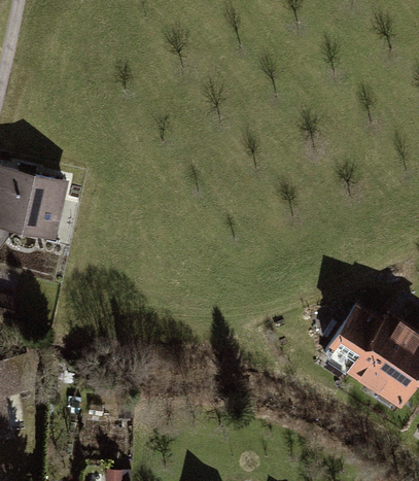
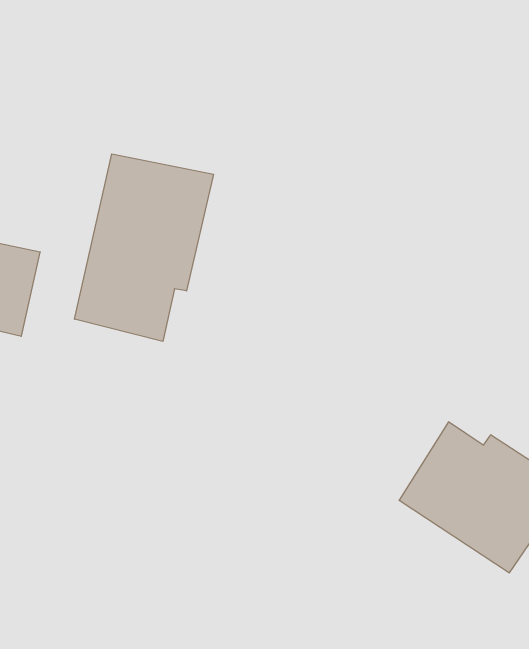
building: none -> [75,154,213,341]

